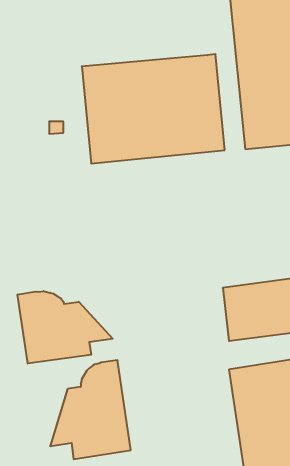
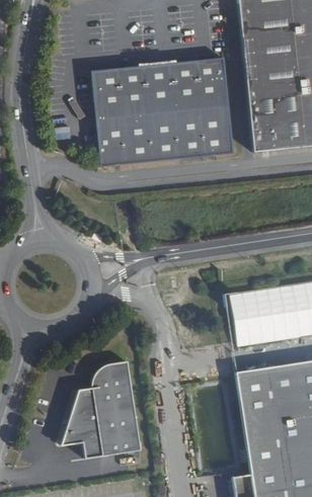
building: [18,291,113,364] -> none

